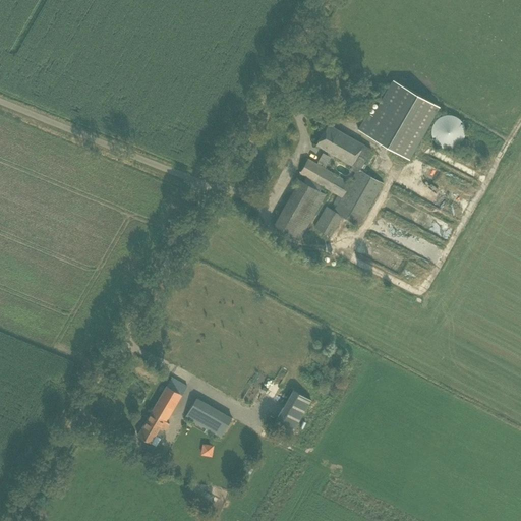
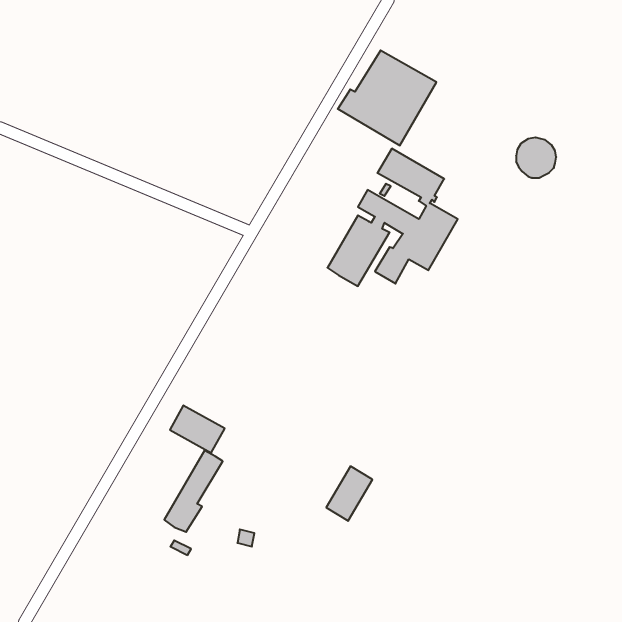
building: [357,80,440,160] -> [338,50,436,145]
building: [185,398,231,438] -> [170,405,225,453]

